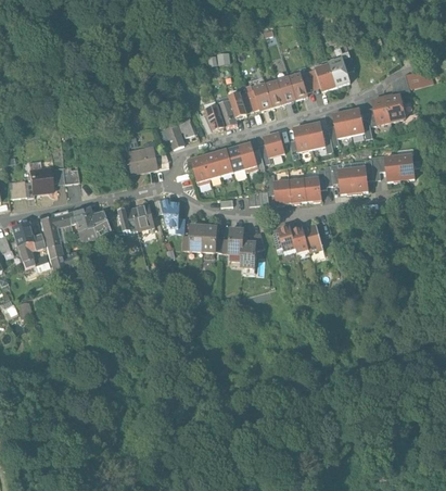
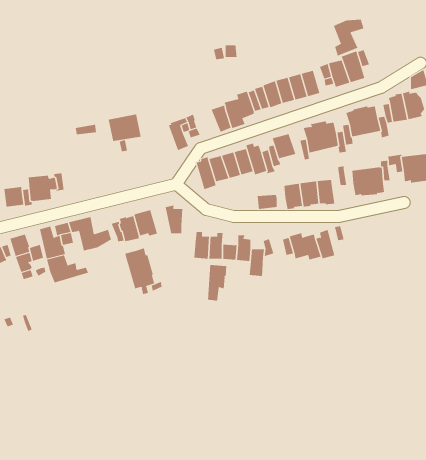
building: none -> [333,19,364,56]
building: [126,148,157,174] -> [108,114,141,141]
building: none -> [124,248,155,295]
building: none -> [207,264,227,302]

